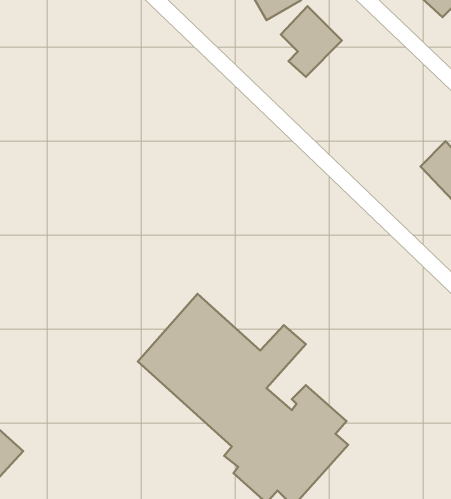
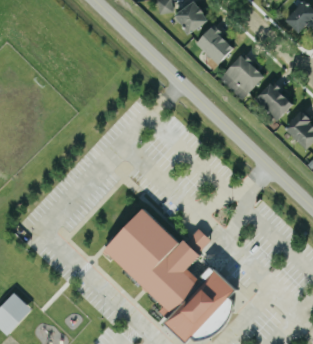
building: none -> [219,53,265,100]
building: none -> [256,81,294,120]

